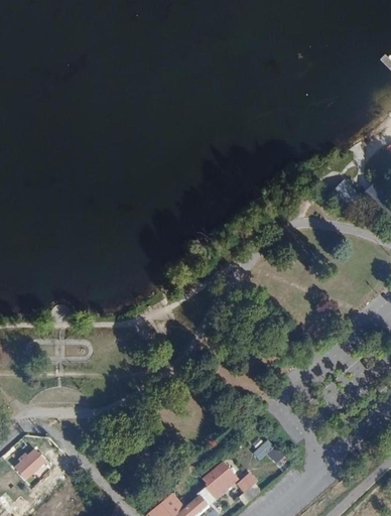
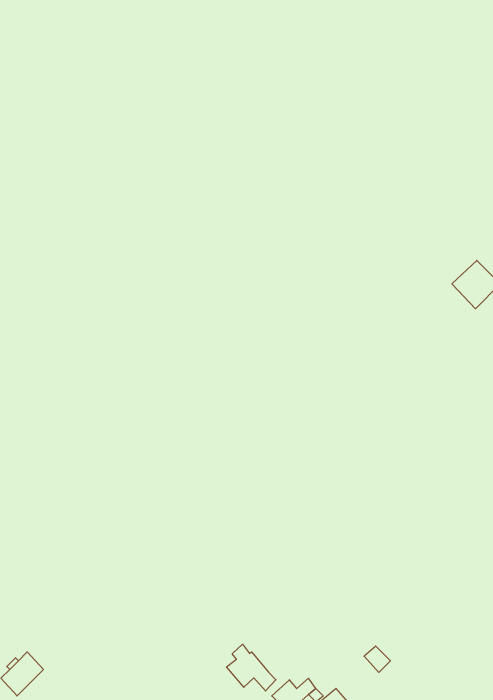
building: none -> [227,644,276,691]

